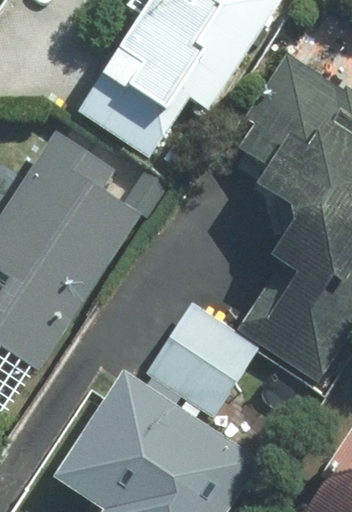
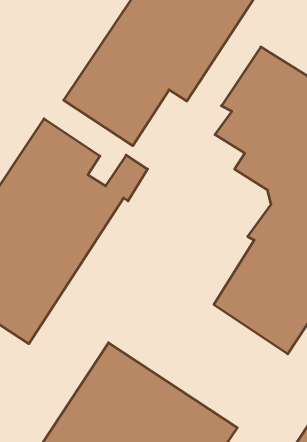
building: [145,303,259,418] -> none

